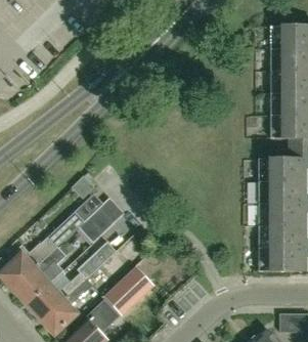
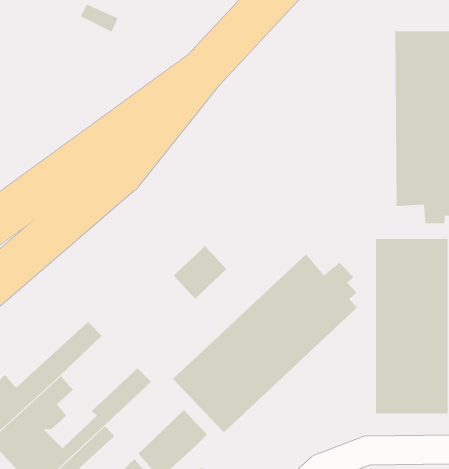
building: none -> [172,253,358,433]
building: [89,198,124,232] -> [173,245,227,299]

